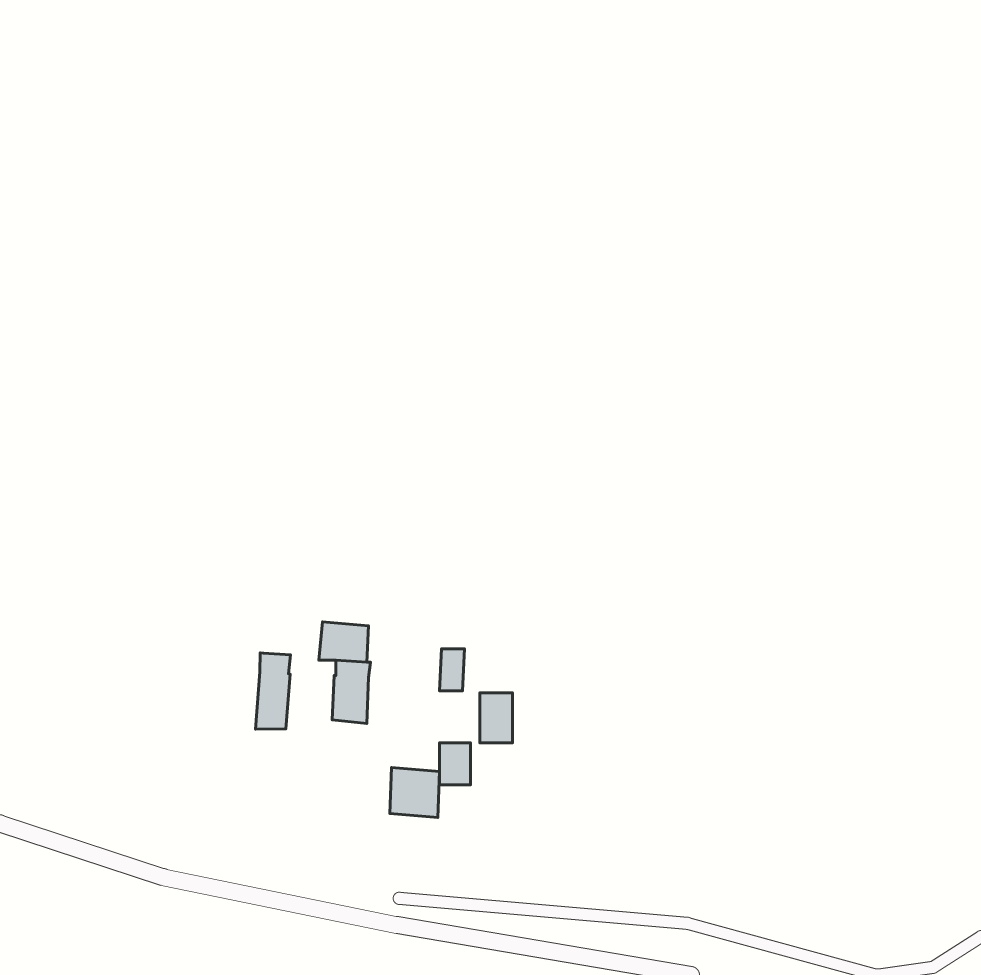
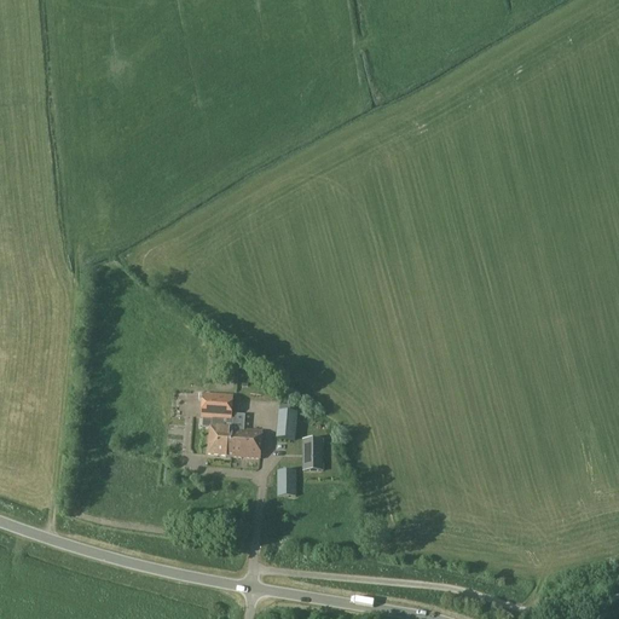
building: [256,653,290,729] -> none
building: [390,768,440,817] -> [231,427,262,458]

